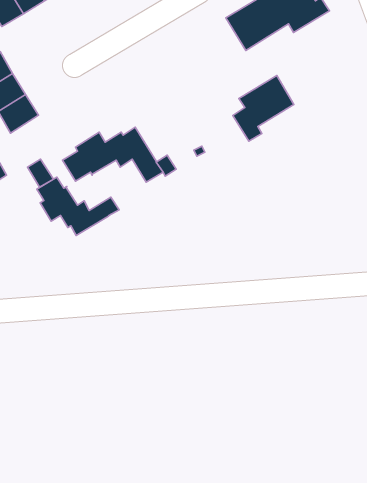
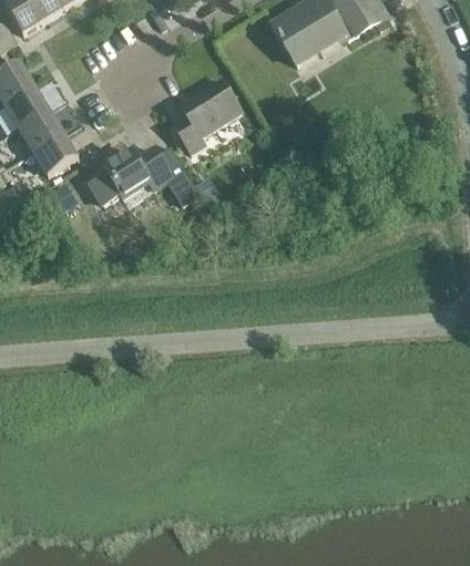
building: [233,76,294,141] -> [172,81,239,154]
building: none -> [31,132,78,176]
building: [37,177,119,236] -> none

